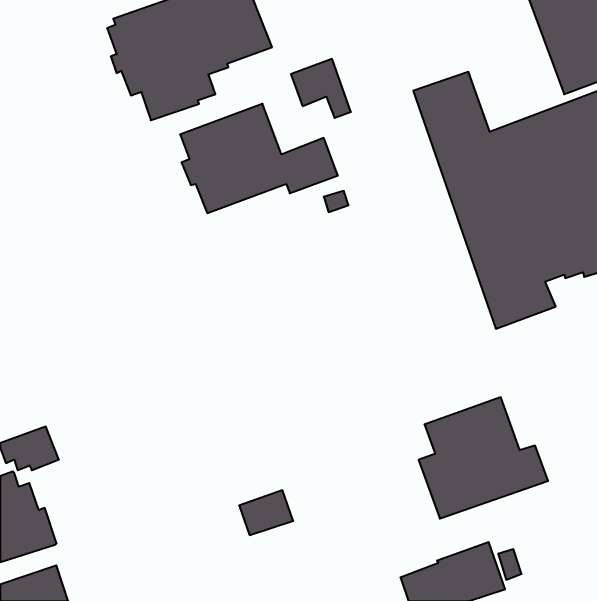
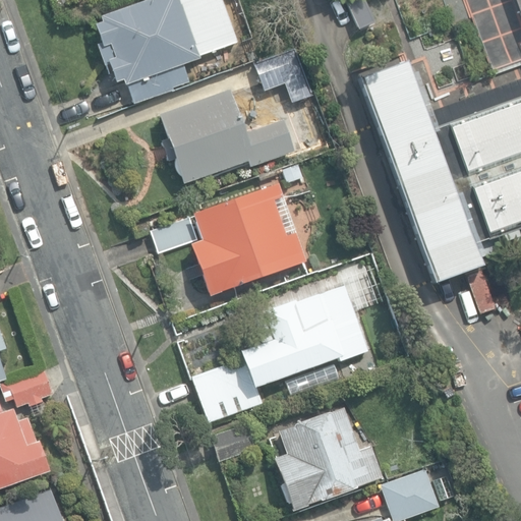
building: none -> [154,185,307,298]
building: none -> [194,269,369,422]
building: [419,397,548,519] -> [274,404,386,509]

